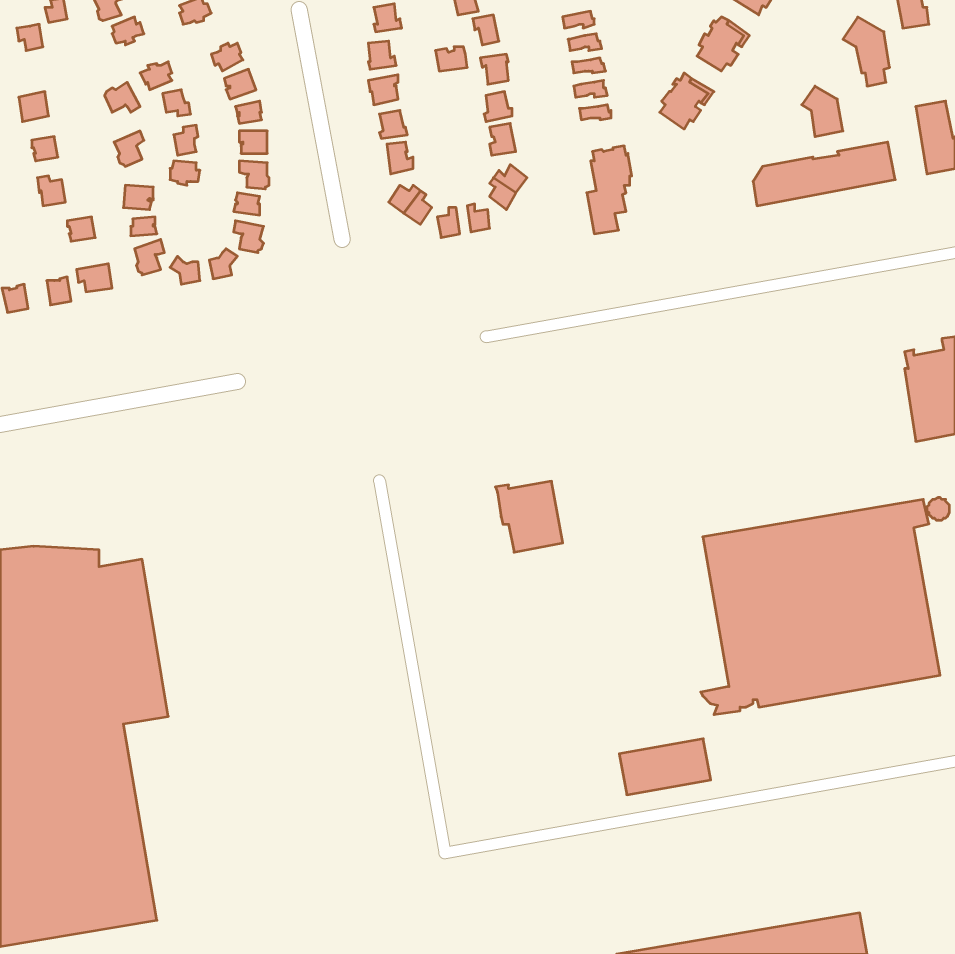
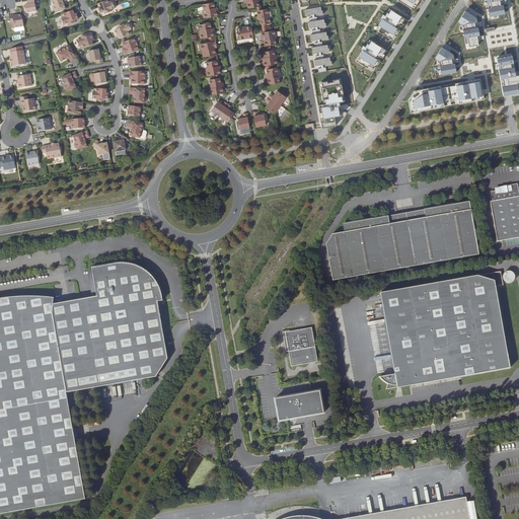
building: none -> [329,201,478,279]
building: [495,481,563,552] -> [281,326,317,365]
building: none -> [77,266,167,388]
building: [619,739,711,795] -> [275,389,324,420]

